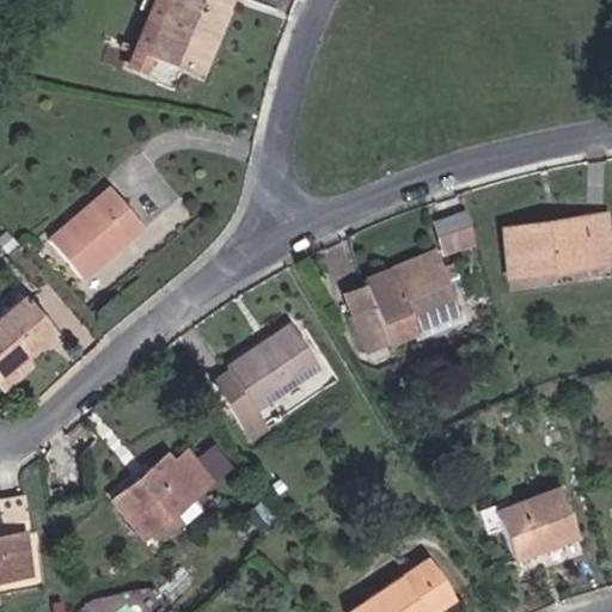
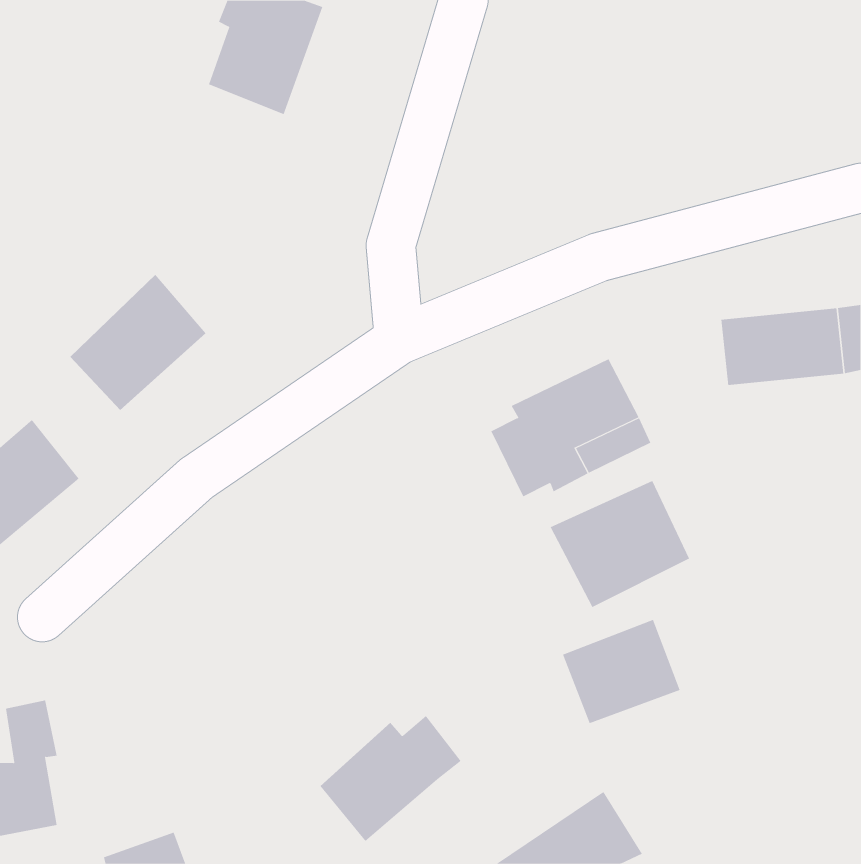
building: [430,208,476,253] -> none
building: [218,326,318,439] -> none
building: none -> [550,480,690,608]
building: [112,451,213,540] -> [320,715,462,842]
building: [500,484,583,558] -> [562,619,681,724]

